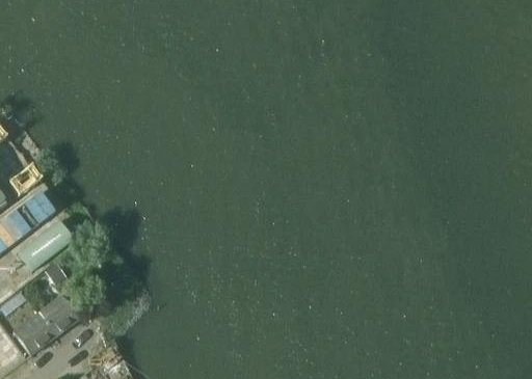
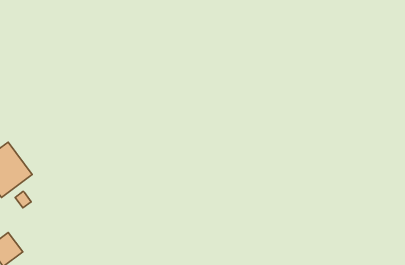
building: [37,295,79,336] -> none

